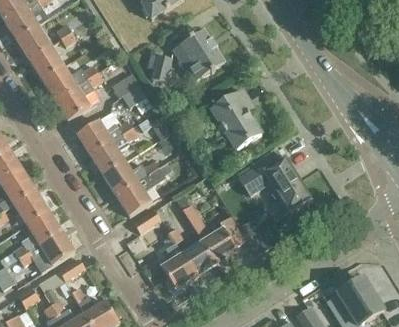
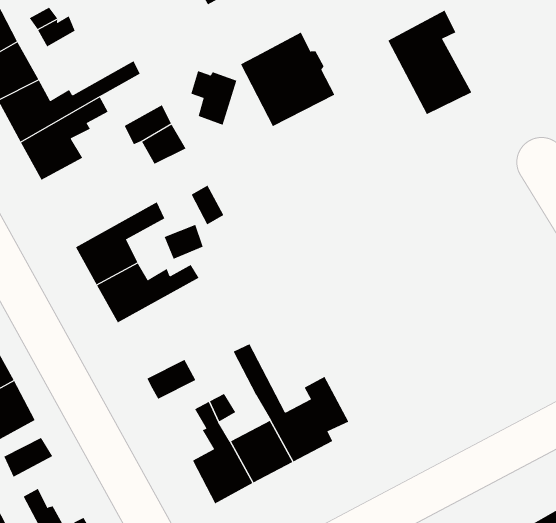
building: [213,89,261,147] -> [388,10,472,115]
building: [76,118,132,154] -> none
building: [237,148,310,211] -> none
building: [115,161,170,215] -> none

